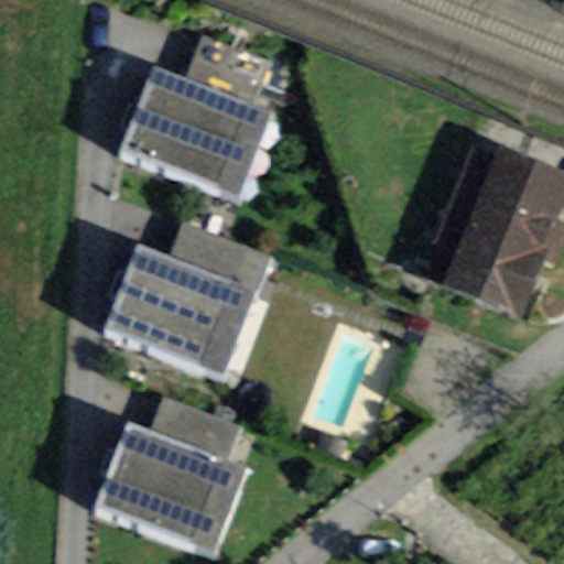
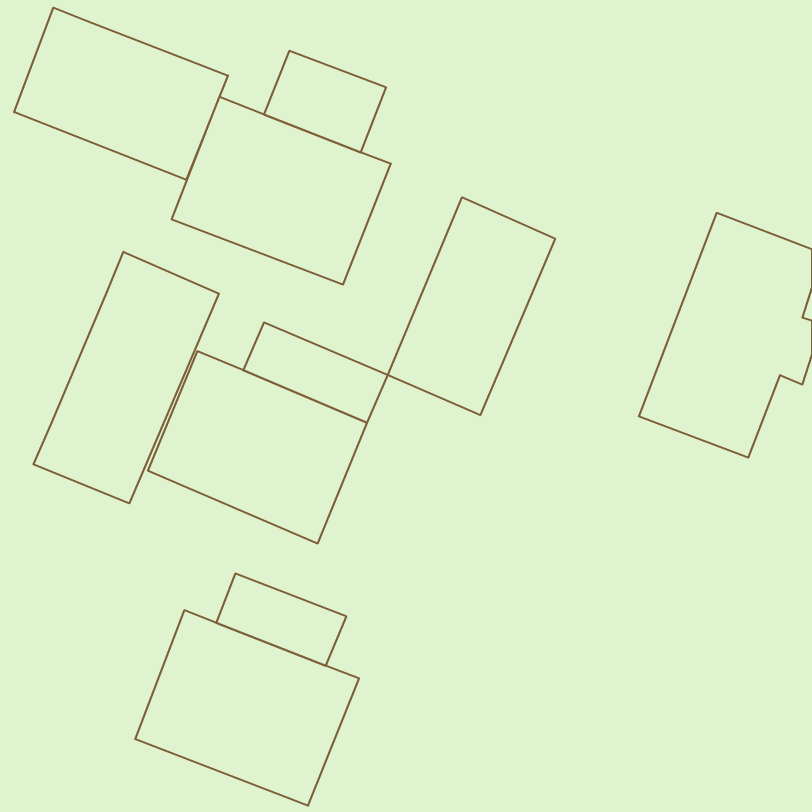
building: none -> [14,8,228,180]
building: none -> [388,197,555,415]
building: none -> [34,252,219,503]

